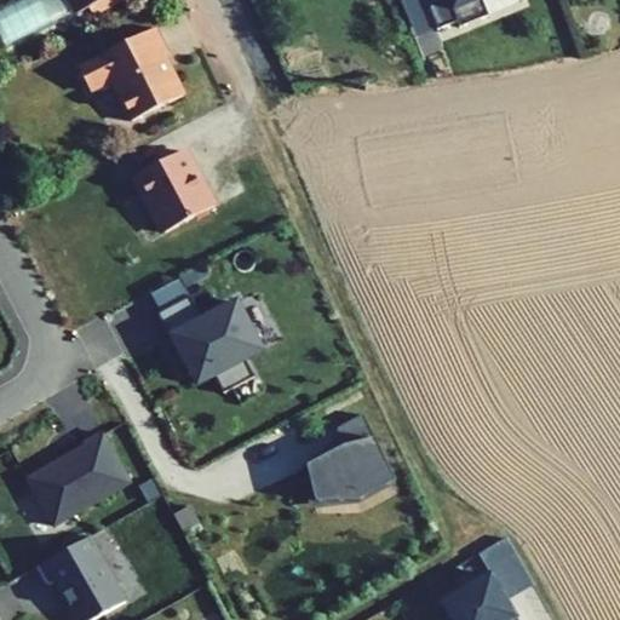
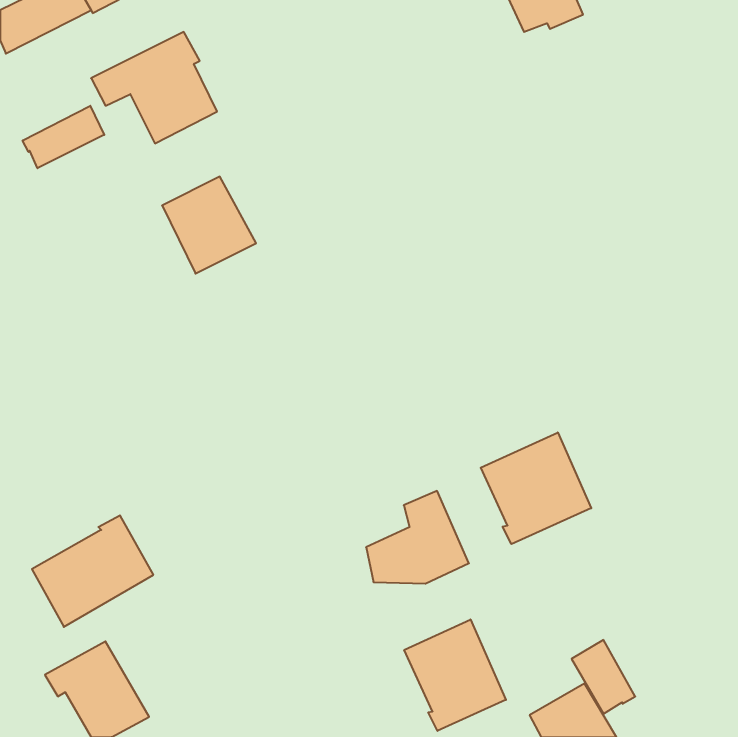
building: none -> [23,106,104,168]
building: [157,294,259,391] -> none
building: none -> [481,432,591,544]
building: none -> [404,619,506,731]

